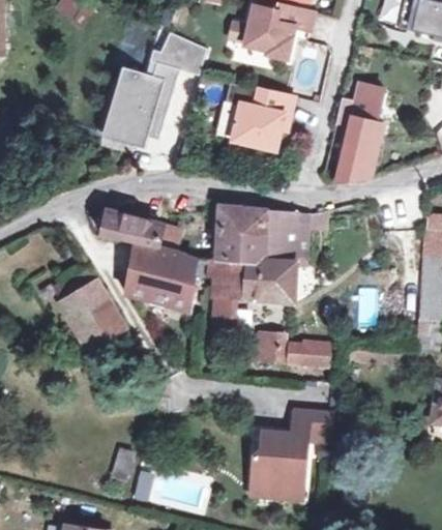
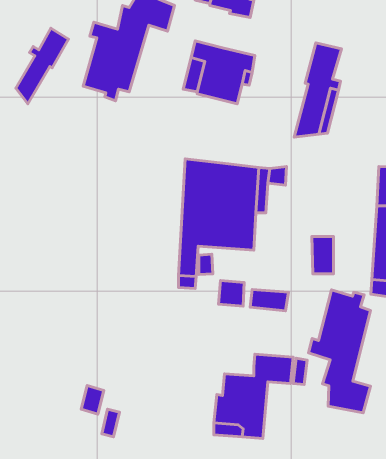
building: none -> [16,28,69,104]
building: [101,211,196,310] -> none
building: [61,283,122,348] -> none
building: none -> [308,290,371,413]

